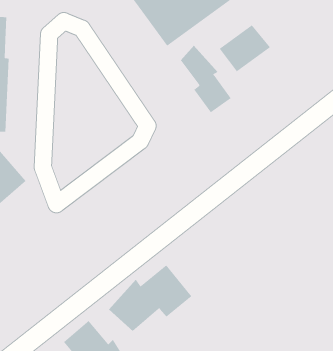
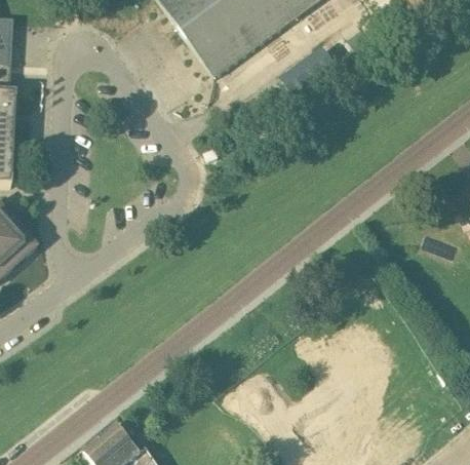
building: [180,45,232,113] -> none
building: [108,265,192,332] -> none

